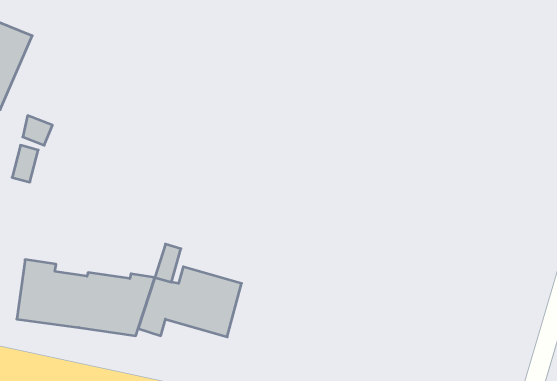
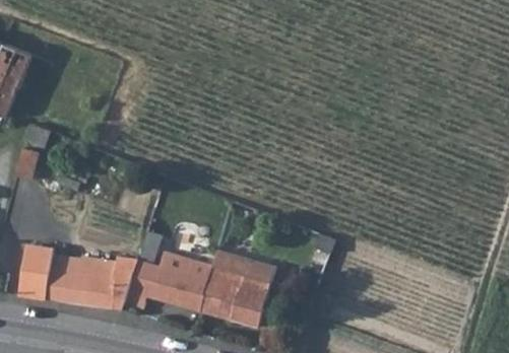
building: none -> [198,251,273,327]

